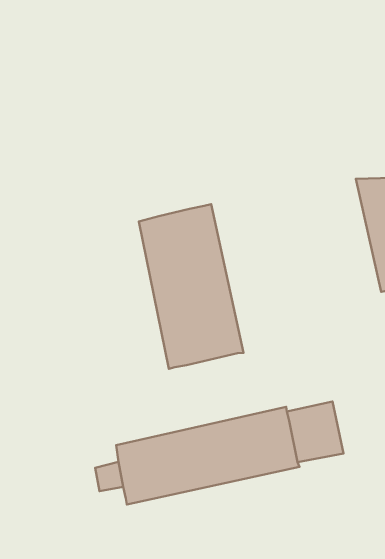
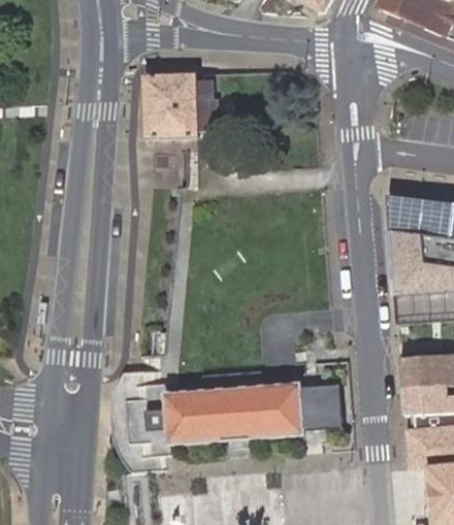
building: none -> [143,75,223,140]
building: [139,204,244,369] -> none

